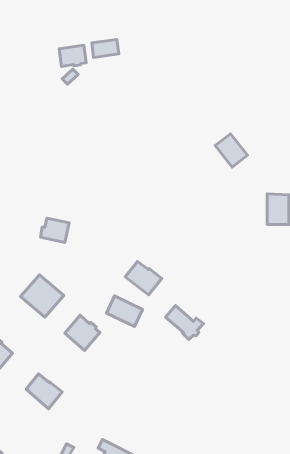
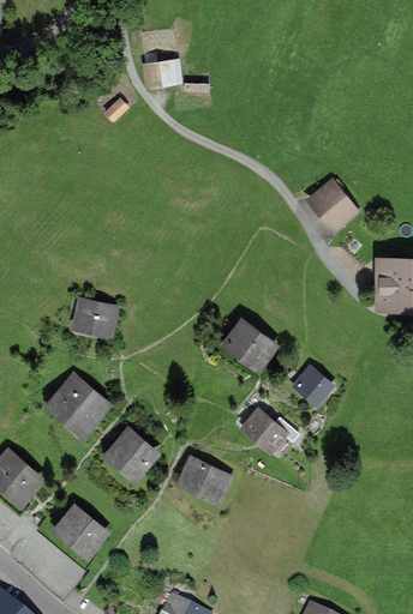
building: [59,45,86,66] -> none
building: [125,261,162,295] -> [225,323,274,367]
building: none -> [293,369,329,404]
building: [107,296,143,327] -> [178,460,226,501]

